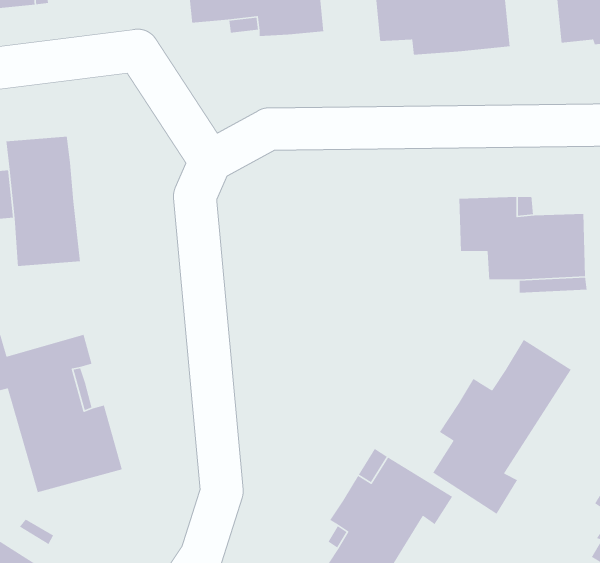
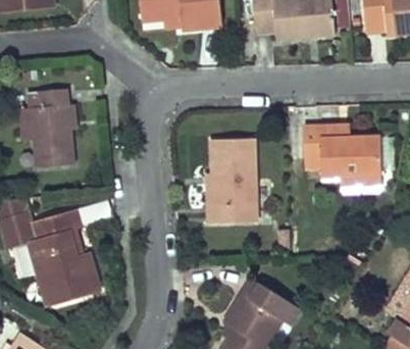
building: none -> [207,138,258,223]
building: [432,339,572,515] -> none

